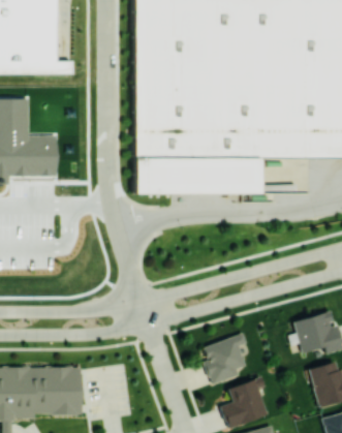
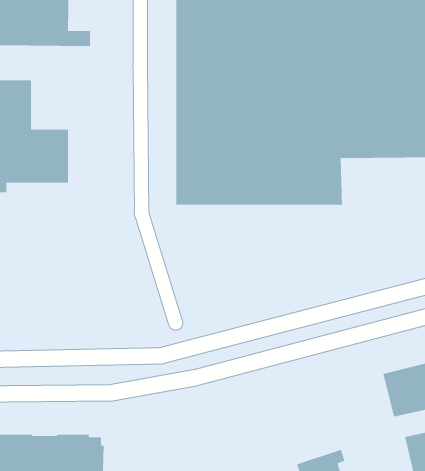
building: [201,335,246,384] -> none

